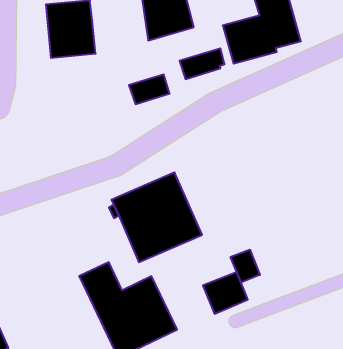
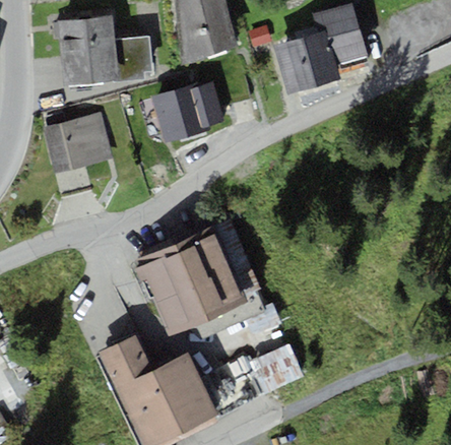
building: none -> [114,37,151,80]
building: [180,48,225,79] -> [151,81,206,119]
building: none -> [42,111,113,175]
building: [231,250,260,283] -> none

